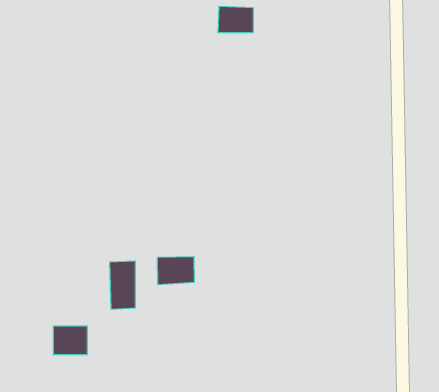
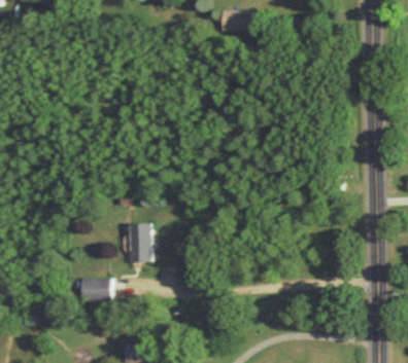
building: [158,256,194,285] -> none

